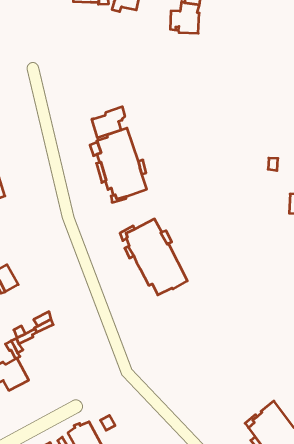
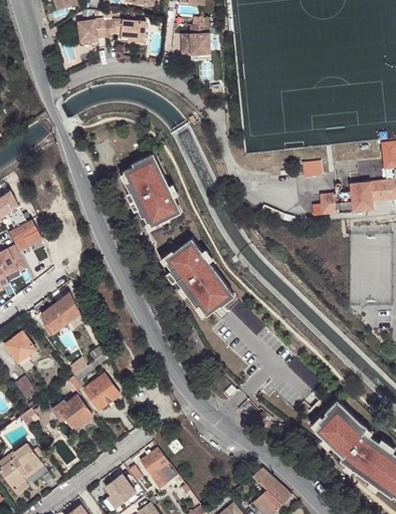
building: [92,107,125,138] -> none
building: none -> [53,293,79,323]
building: none -> [84,374,119,410]

